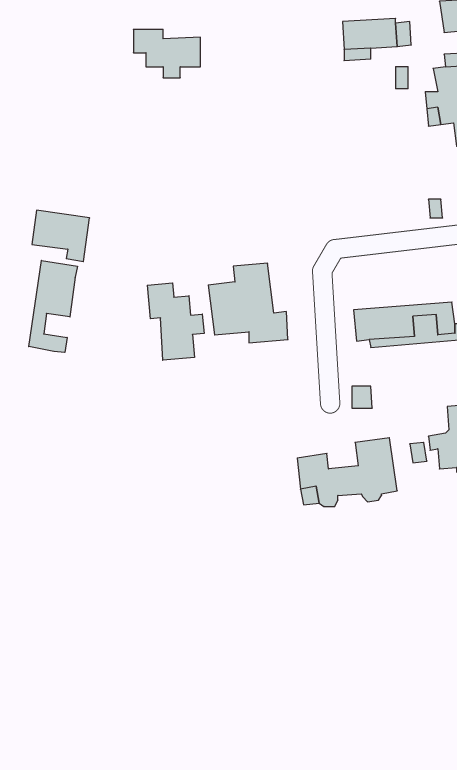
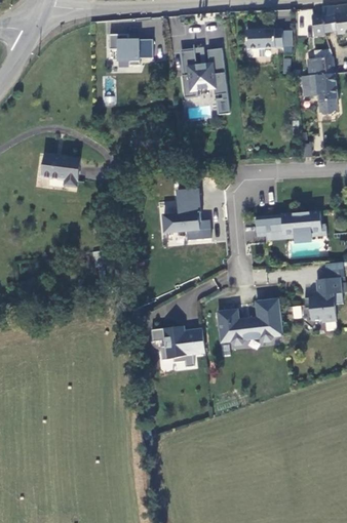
building: none -> [181,44,230,115]
building: [29,260,77,352] -> none
building: [147,283,204,360] -> none
building: none -> [150,328,203,368]

